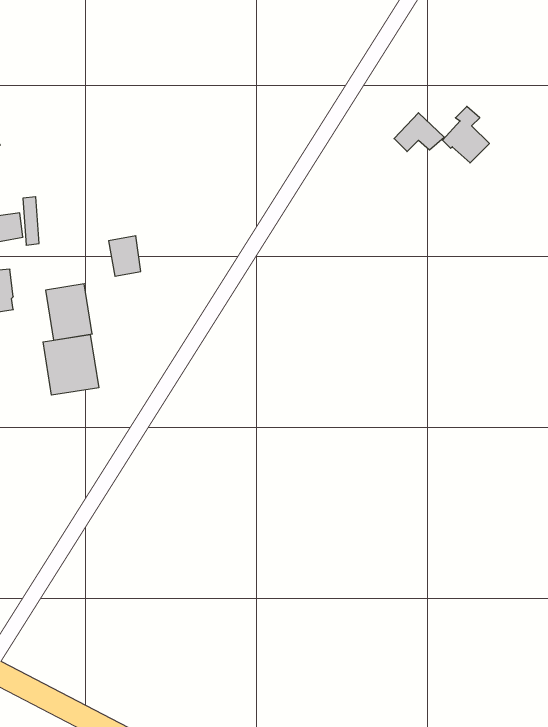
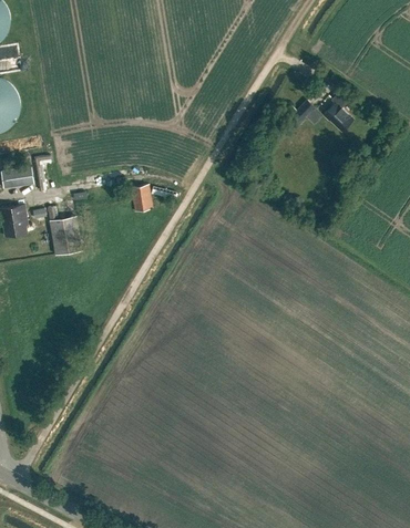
building: [109,236,141,276] -> [131,184,153,211]
building: [43,335,99,395] -> none

